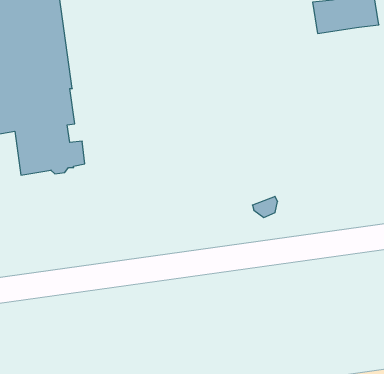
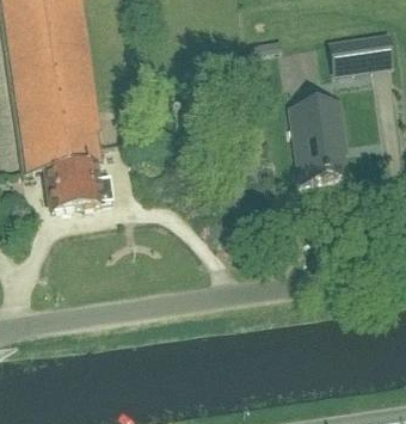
building: none -> [289,99,345,180]

